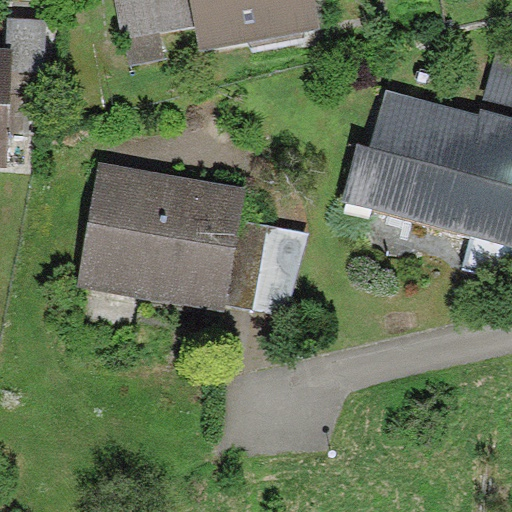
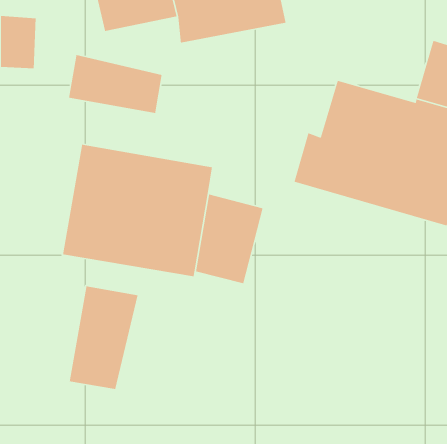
building: none -> [68,54,163,114]
building: none -> [69,286,139,390]

